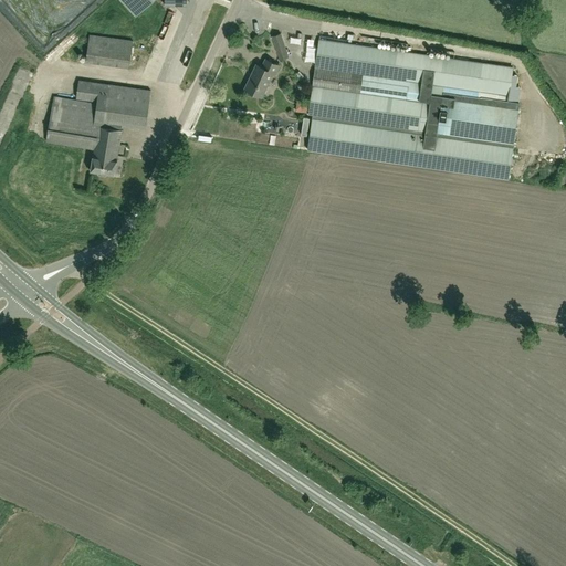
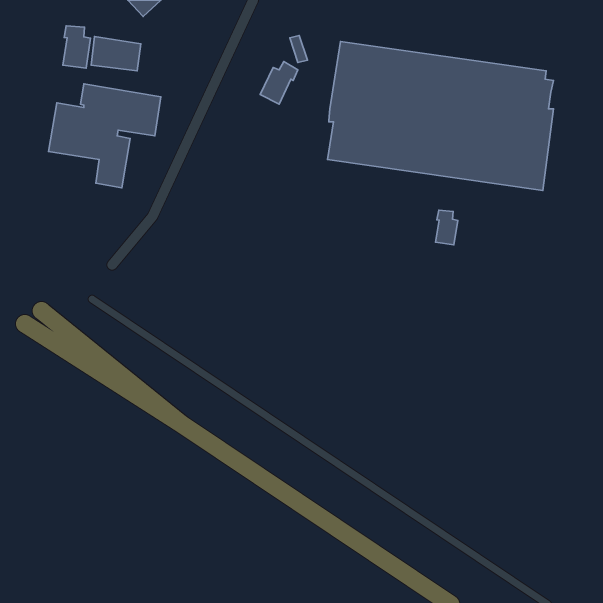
building: none -> [63,26,91,68]
building: none -> [436,210,458,245]

